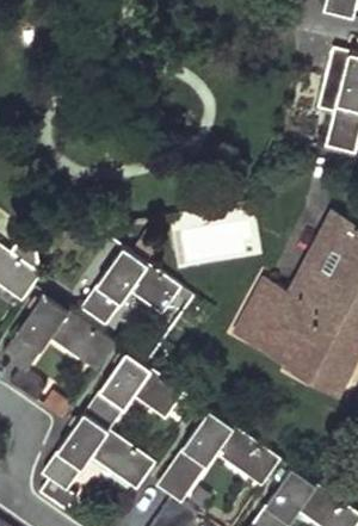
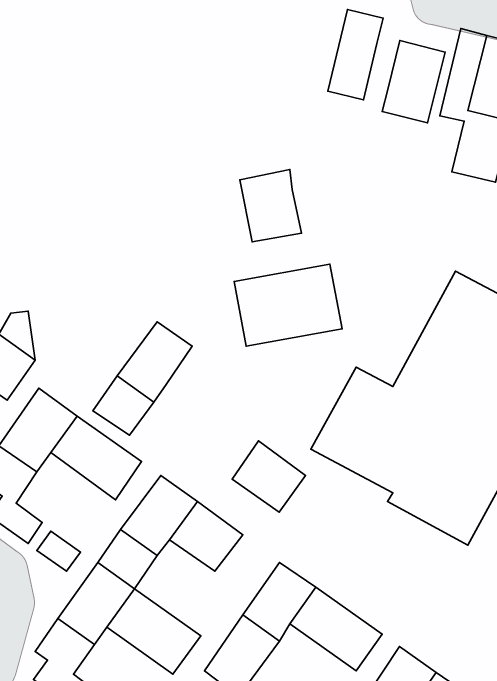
building: none -> [328,9,383,100]
building: none -> [382,41,445,123]
building: none -> [240,170,301,242]
building: [130,265,180,314] -> [232,441,305,512]

